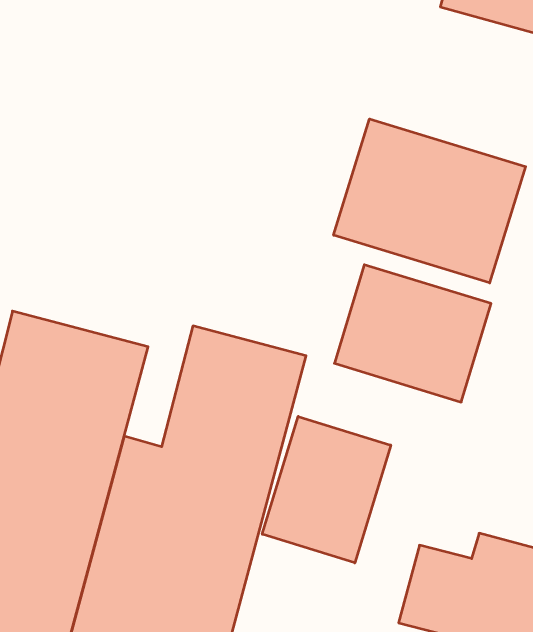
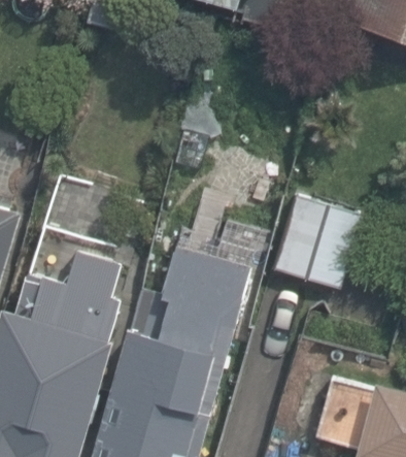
building: [334,119,526,283] -> none
building: [262,416,391,563] -> none

